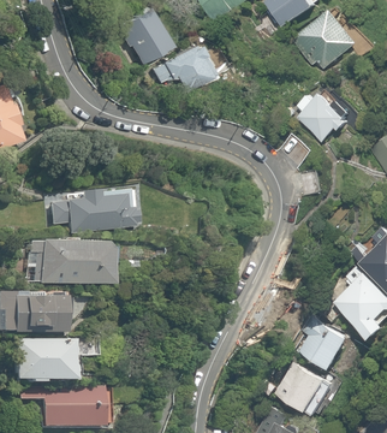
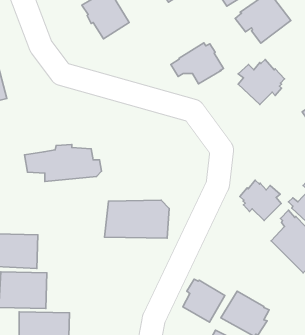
building: [150,43,212,91] -> [171,43,223,84]
building: none -> [240,180,281,220]
building: [35,239,111,284] -> [104,200,169,238]
building: [302,318,351,368] -> [183,279,225,322]

